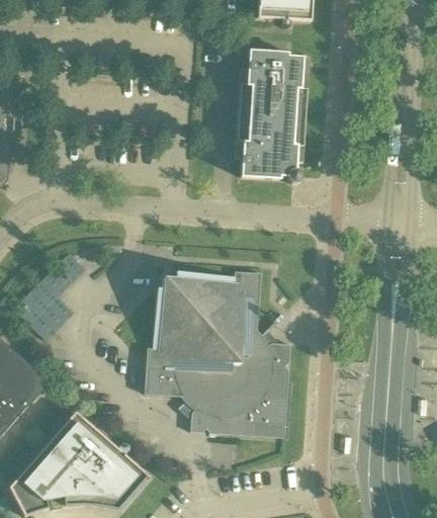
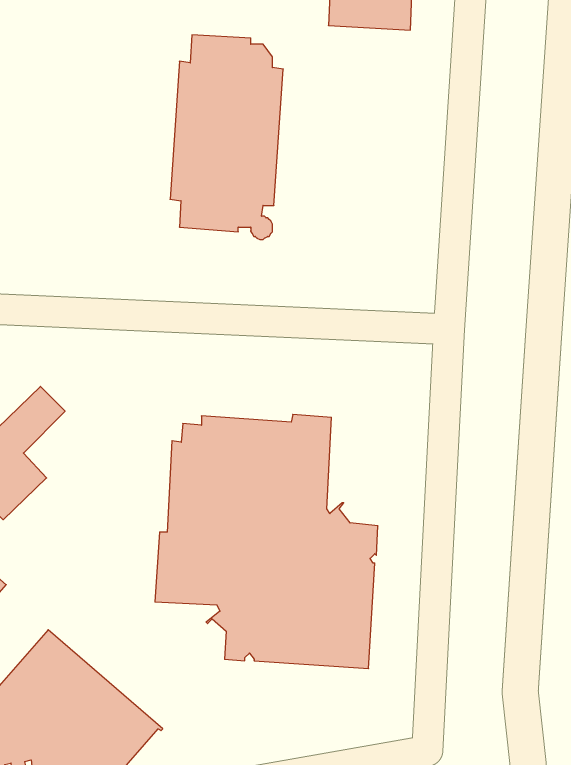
building: [234,51,308,184] -> [170,35,283,240]

